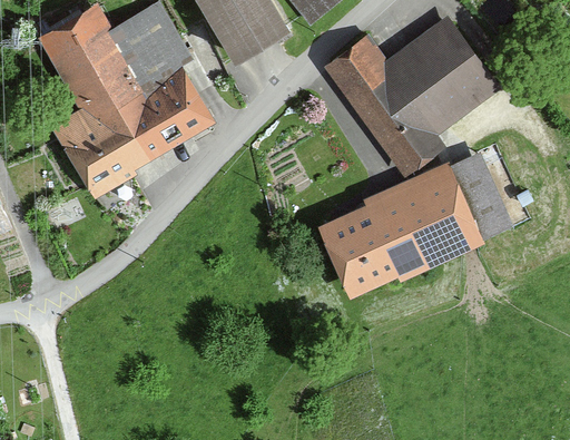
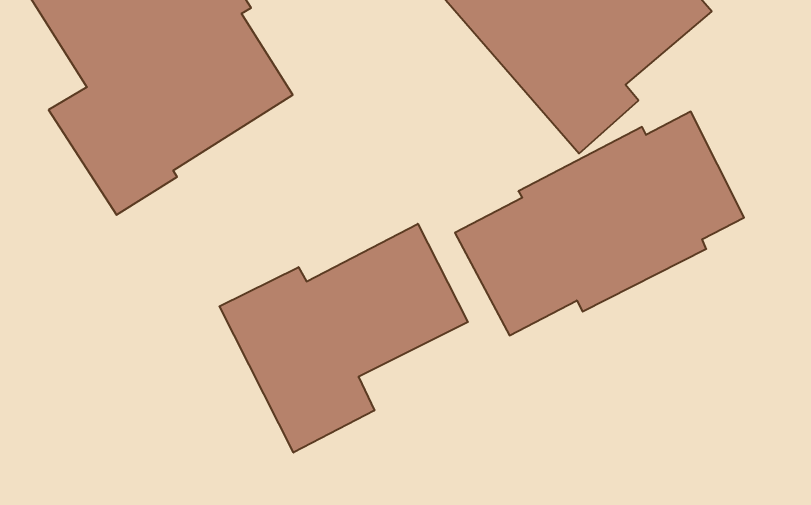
building: none -> [219,224,468,453]

